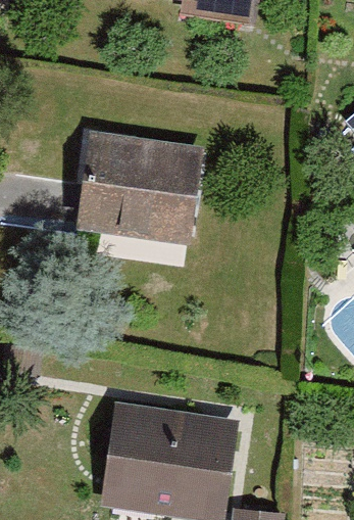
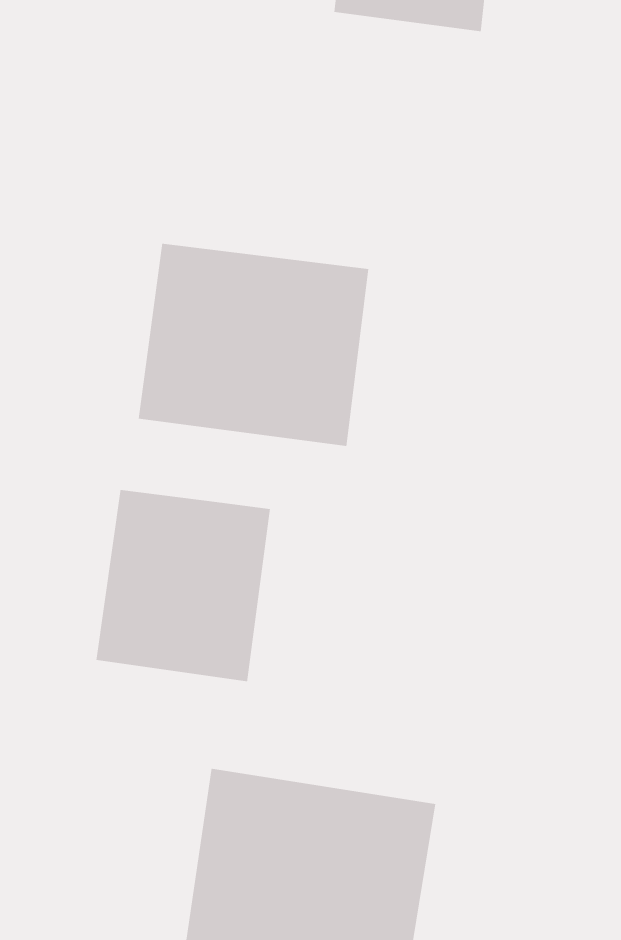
building: none -> [96,489,270,682]

